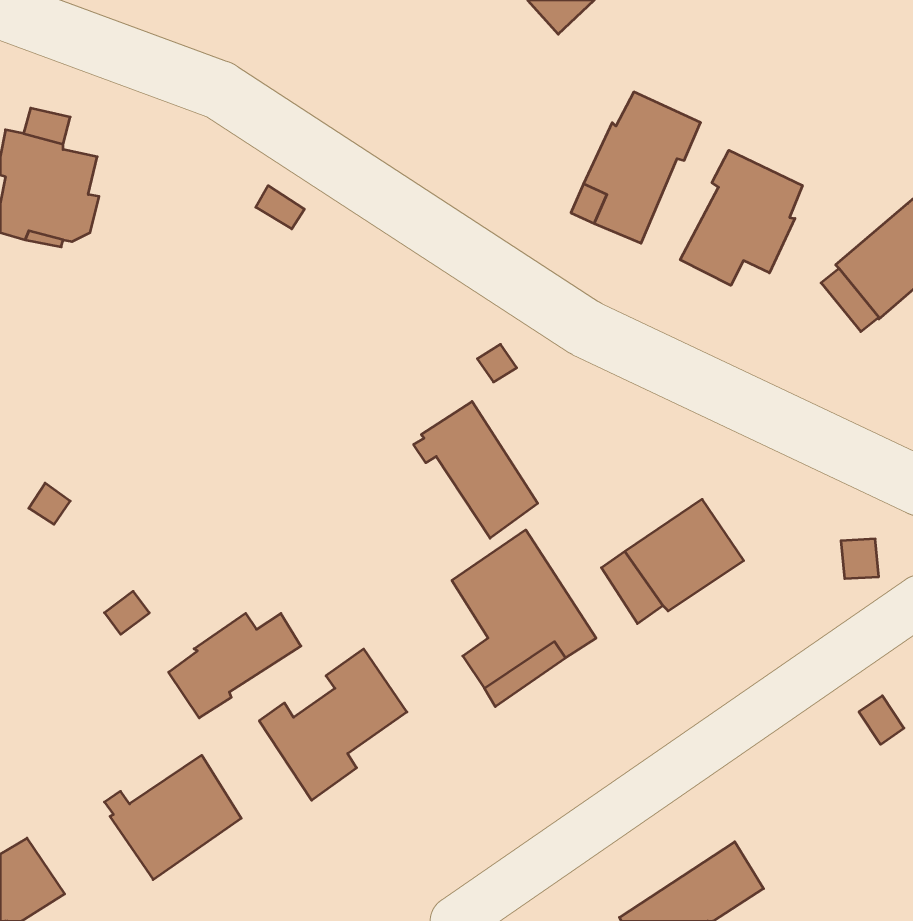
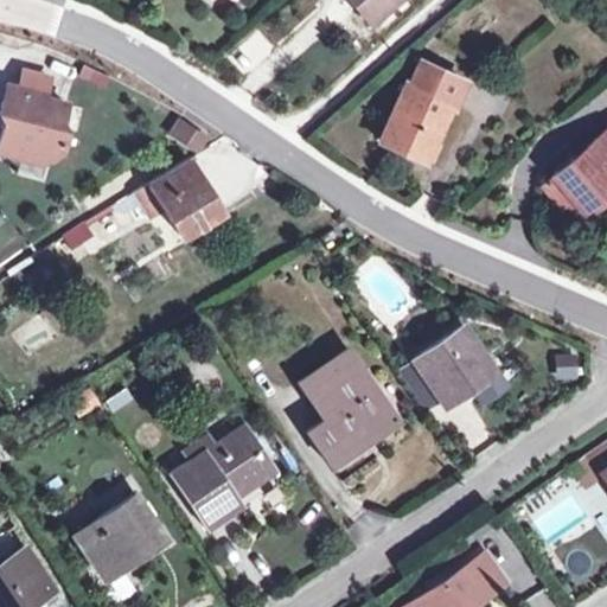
building: [680,150,802,285] -> none
building: none -> [62,160,223,249]
building: [414,401,538,538] -> none
building: [169,613,301,718] -> none

